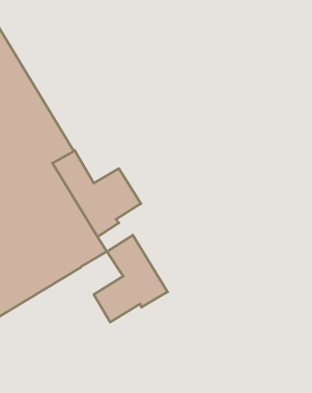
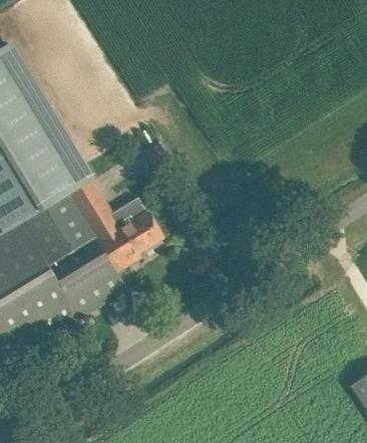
building: [94,235,168,322] -> none

